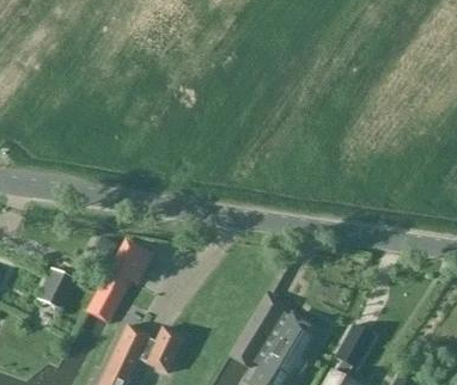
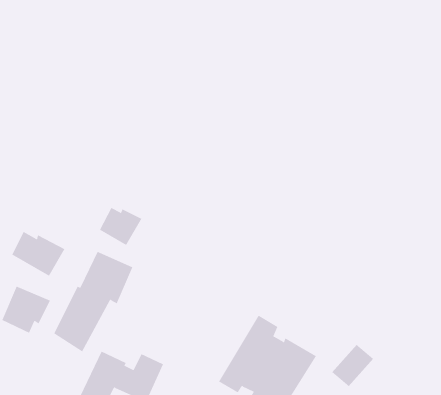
building: none -> [99,207,142,246]
building: none -> [12,231,65,277]

